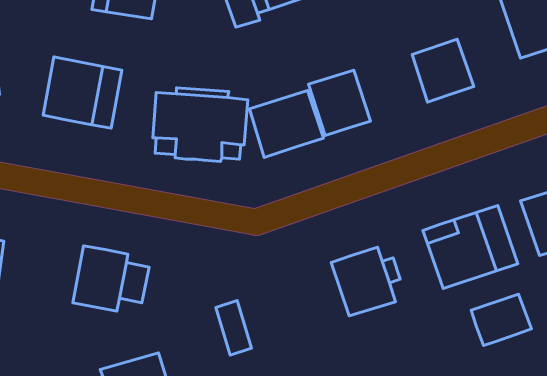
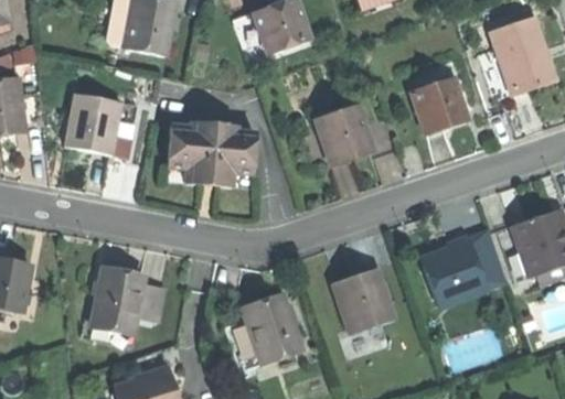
building: [249,90,324,157] -> none
building: none -> [245,299,302,362]
building: [471,294,531,346] -> none

